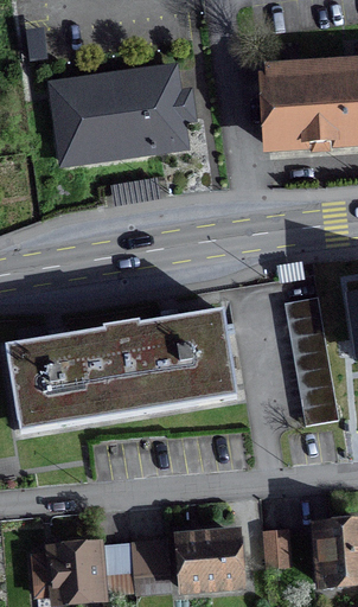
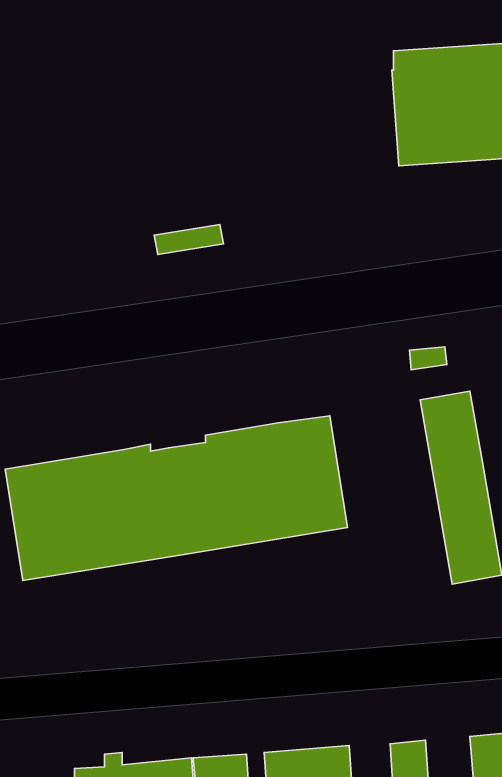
building: [52,71,184,161] -> none

